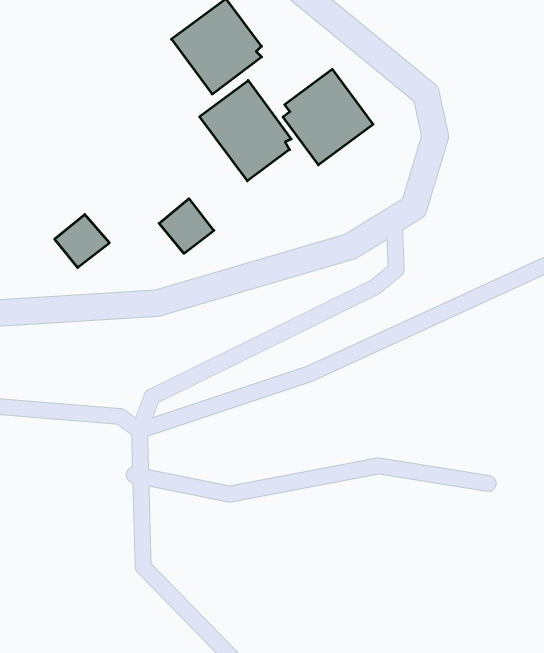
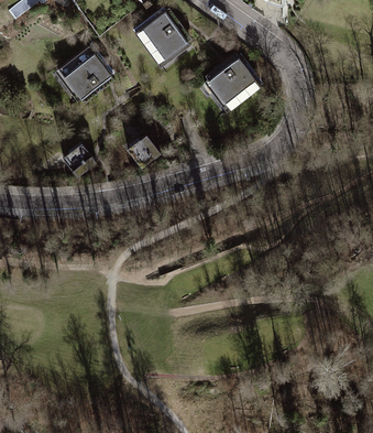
building: none -> [54,44,114,101]
building: [200,80,291,181] -> none

